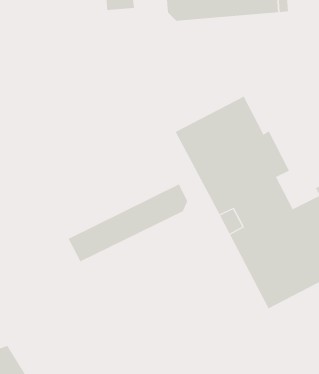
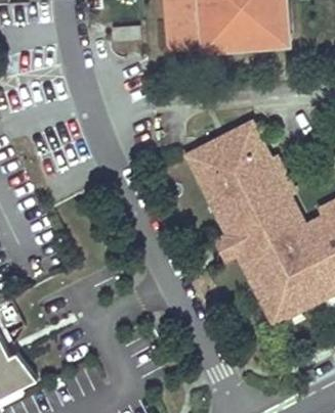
building: [68,183,188,262] -> none

